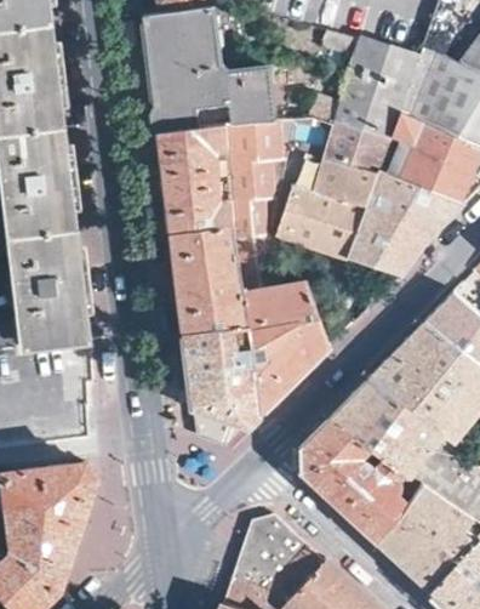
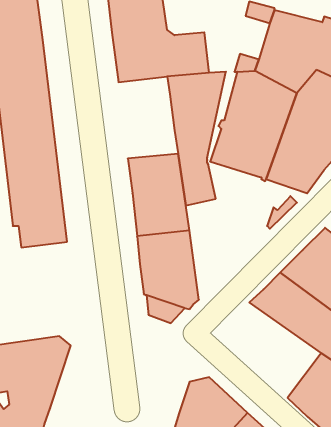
building: [156,125,234,232] -> none
building: [244,280,330,415] -> none
building: [297,419,419,542] -> none

